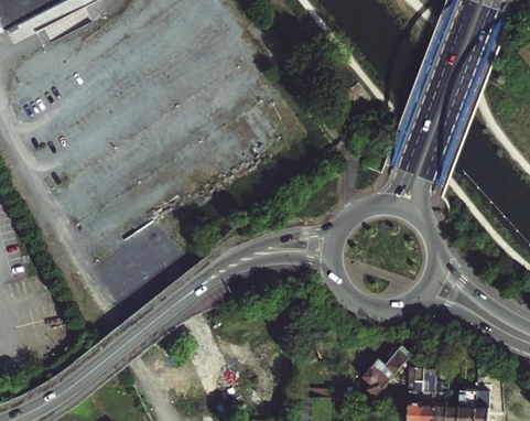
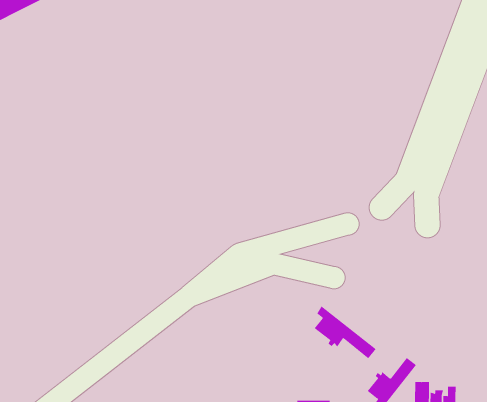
building: none -> [314,305,376,359]

